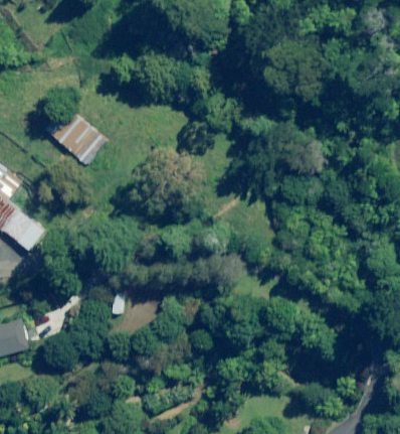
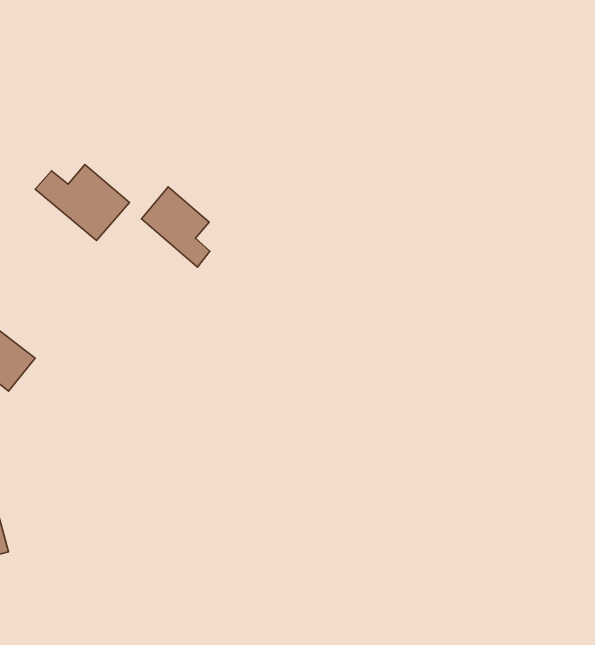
building: none -> [141,187,210,267]

